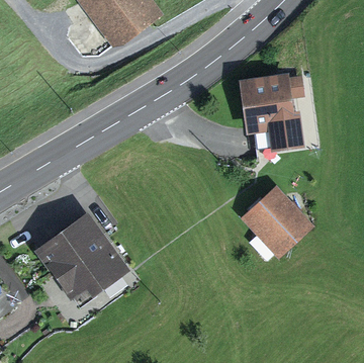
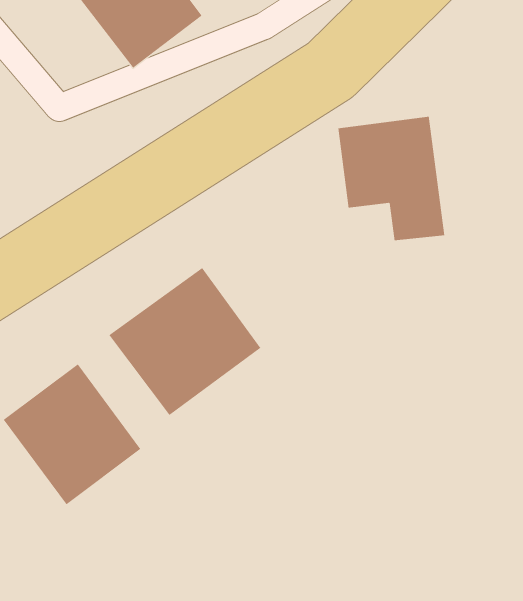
building: none -> [109,267,261,416]
building: [244,181,314,253] -> none

